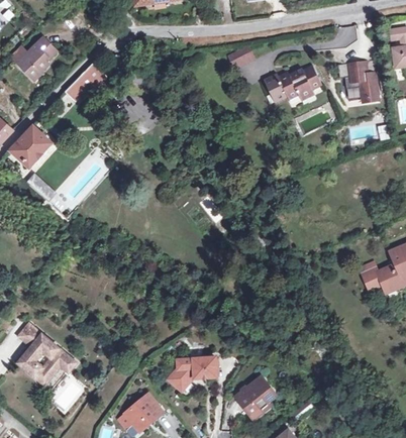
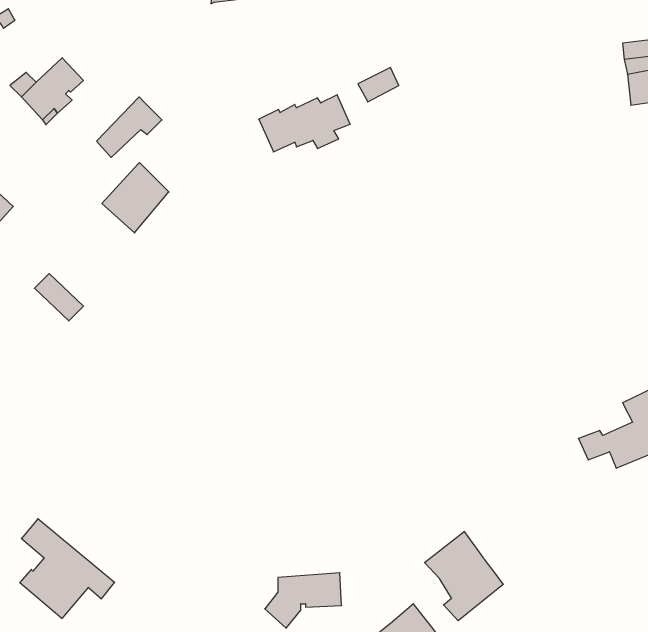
building: [336,59,378,100] -> none
building: [264,66,320,101] -> [259,95,350,152]
building: [8,125,49,169] -> [102,163,169,233]
building: none -> [425,531,503,621]

